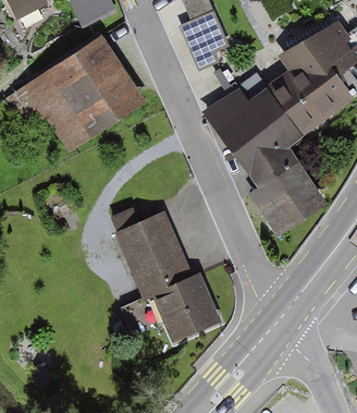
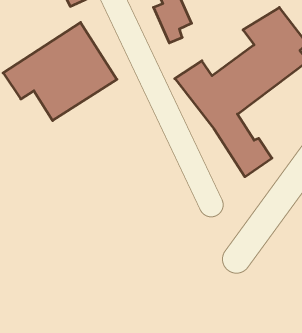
building: [114,208,219,338] -> none

